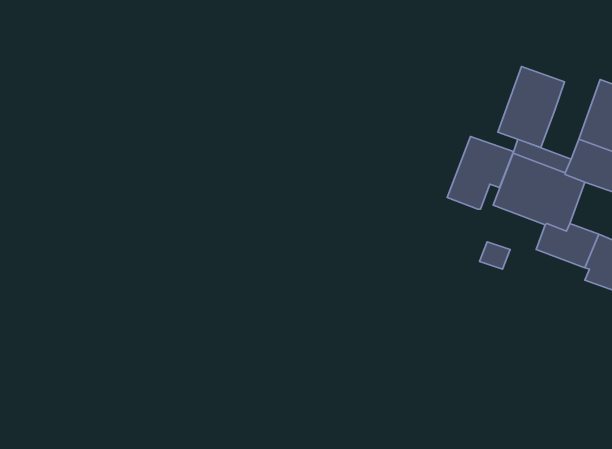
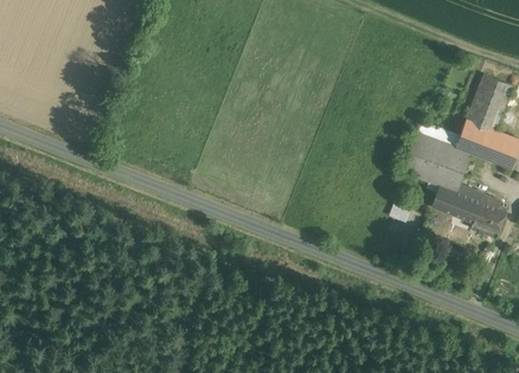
building: [498,67,564,148] -> none
building: [447,137,514,209] -> none

